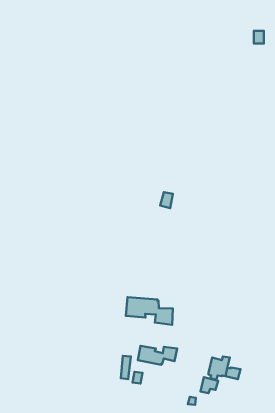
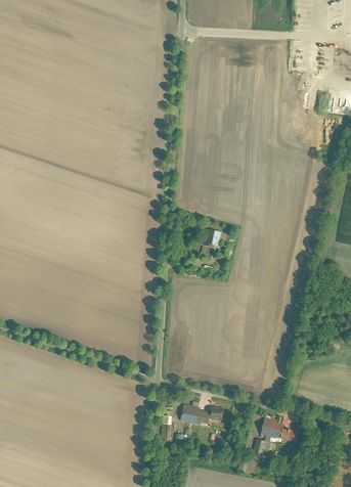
building: [126,297,173,325] -> none

